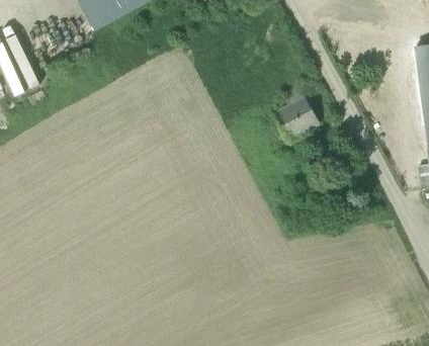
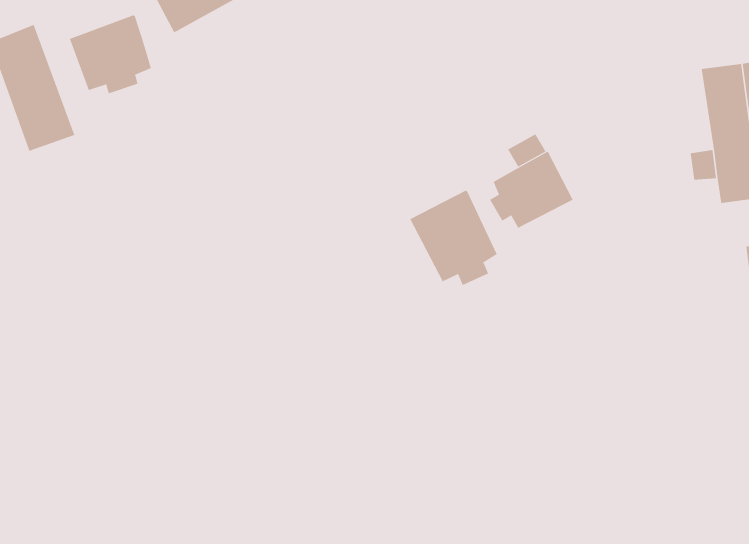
building: none -> [69,15,152,94]
building: none -> [410,190,498,286]

